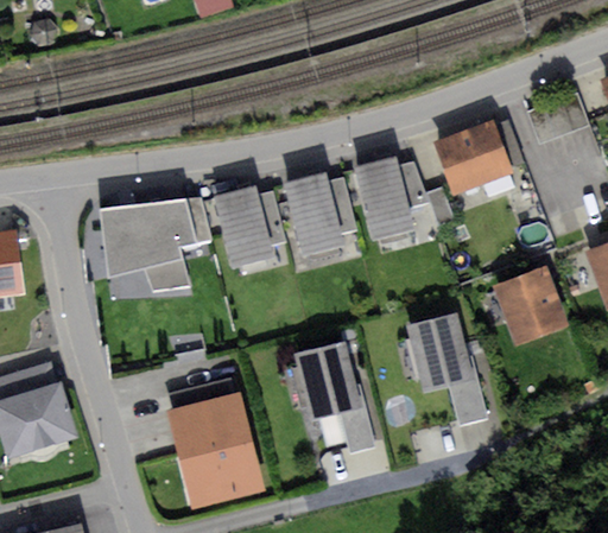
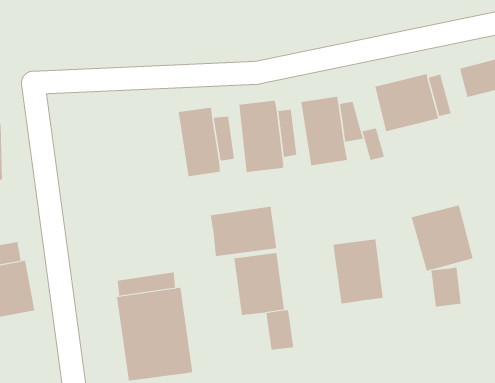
building: [99,196,211,292] -> none
building: none -> [210,206,277,257]
building: [449,379,488,427] -> [431,267,462,307]

